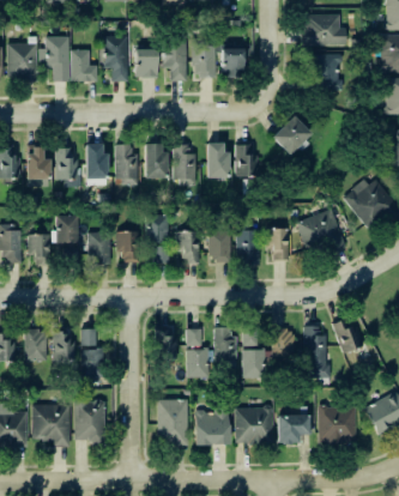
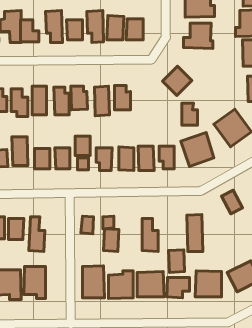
building: [235,145,258,176] -> [182,103,198,125]
building: [332,320,362,353] -> [222,190,243,214]
building: [213,328,235,368] -> none
building: [271,328,294,361] -> [169,250,185,272]

